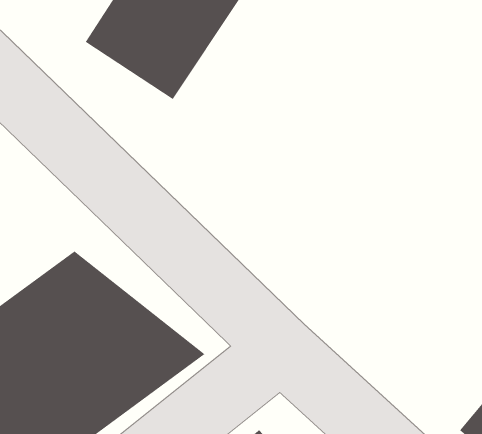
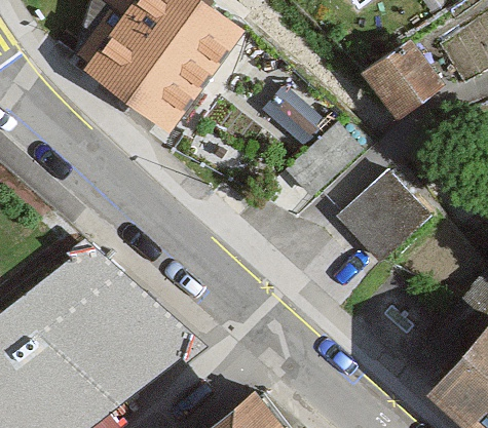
building: none -> [368,34,448,114]
building: none -> [337,172,426,262]

